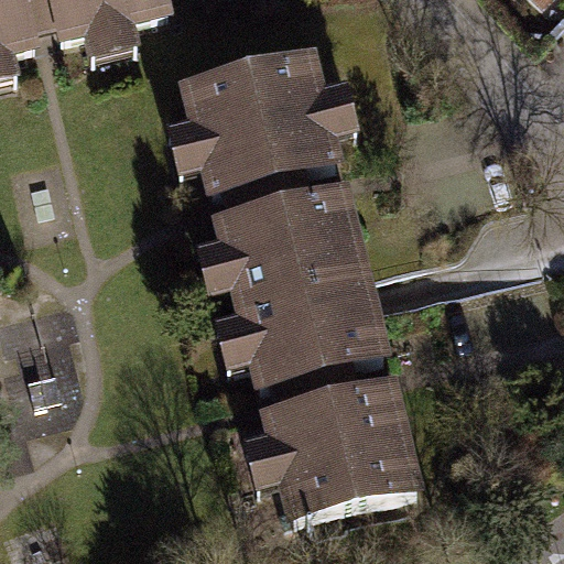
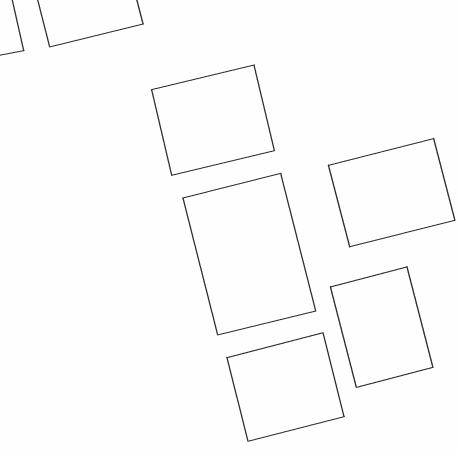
building: none -> [329,138,455,247]
building: none -> [331,267,433,387]

